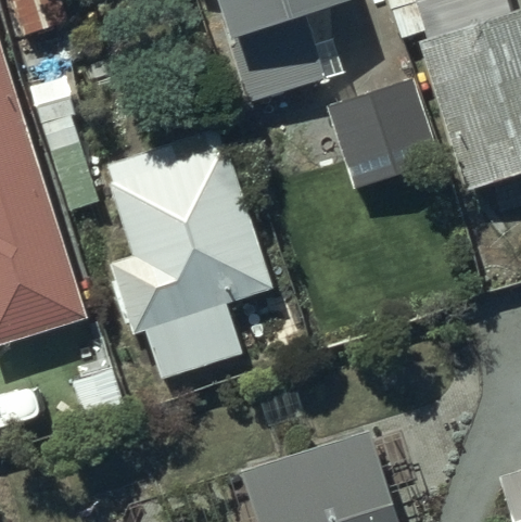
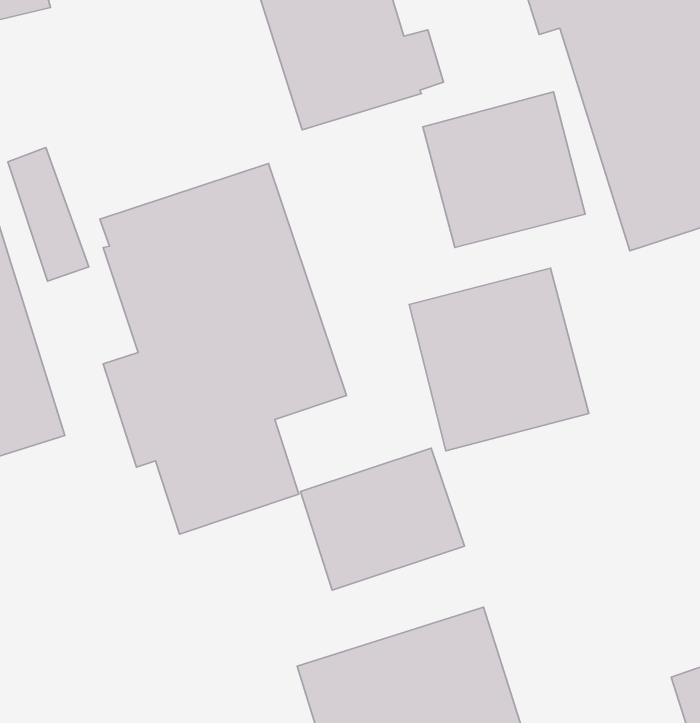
building: none -> [409,268,589,451]
building: none -> [301,448,464,590]

